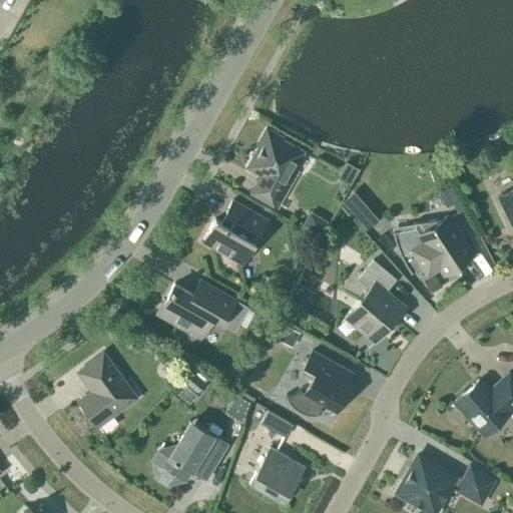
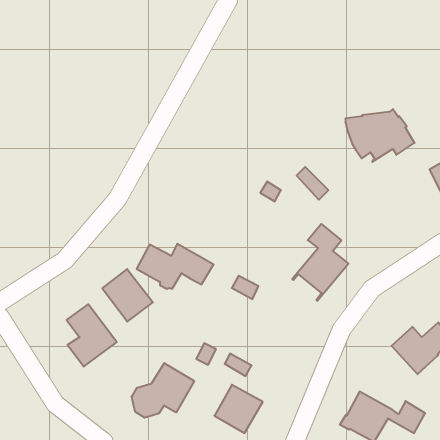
building: [250,129,304,208] -> none
building: [204,201,268,265] -> none
building: [394,217,474,279] -> [345,109,415,162]
building: none -> [102,269,153,322]
building: [288,352,354,417] -> none

